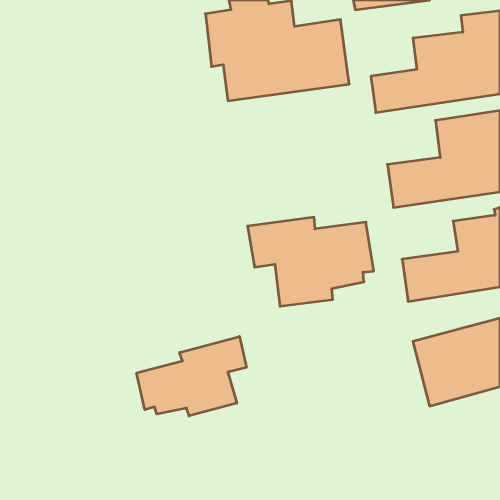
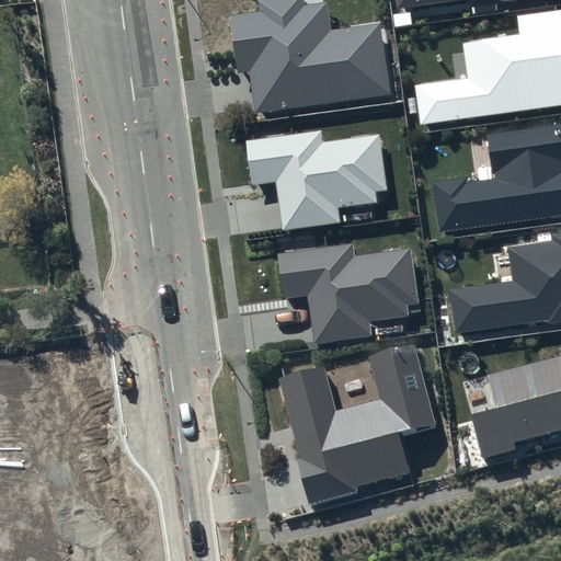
building: none -> [245,130,389,229]
building: none -> [276,343,437,504]
building: [137,336,246,416] -> none

